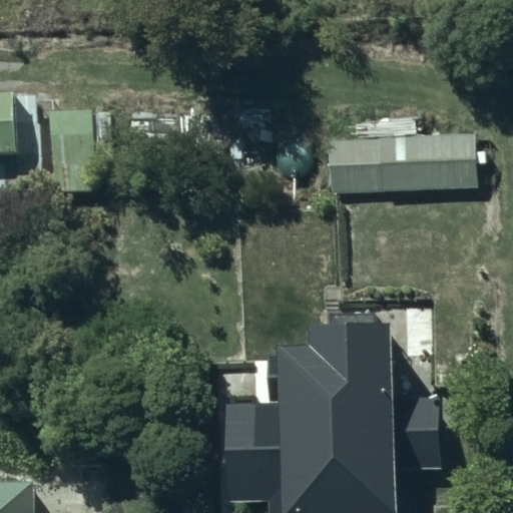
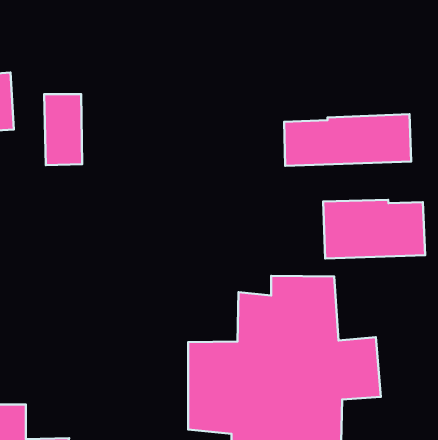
building: none -> [323,200,425,259]

